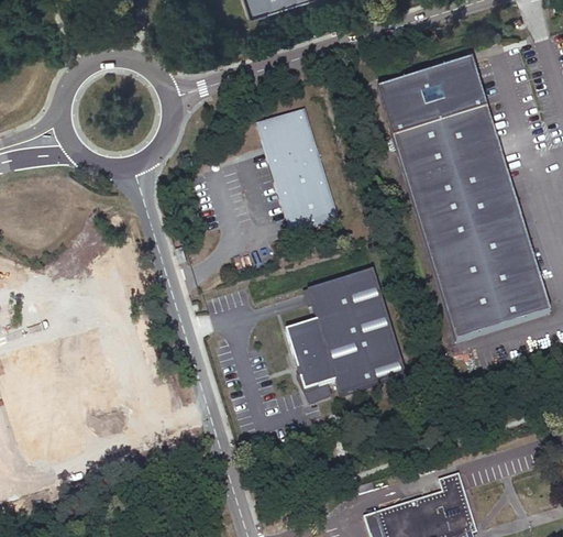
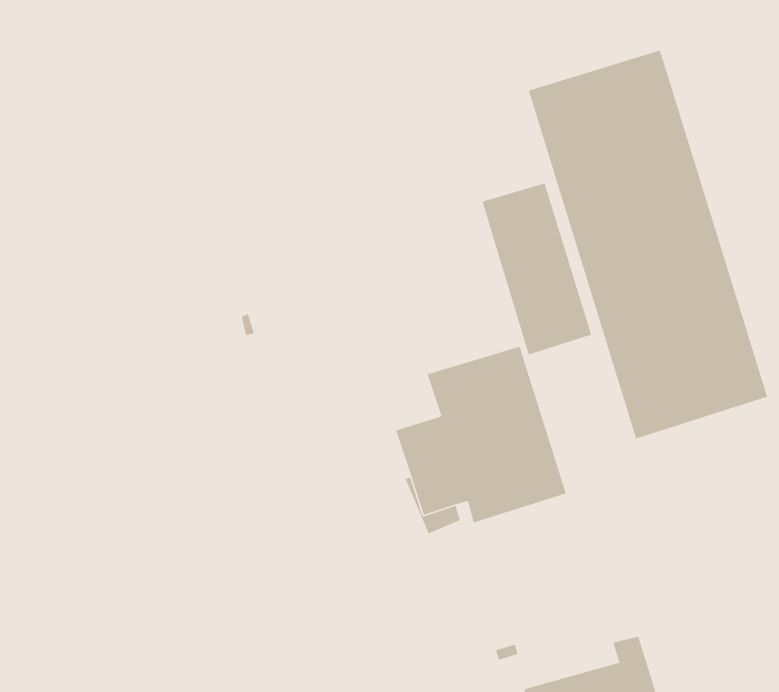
building: [258,108,336,230] -> [481,183,592,356]

